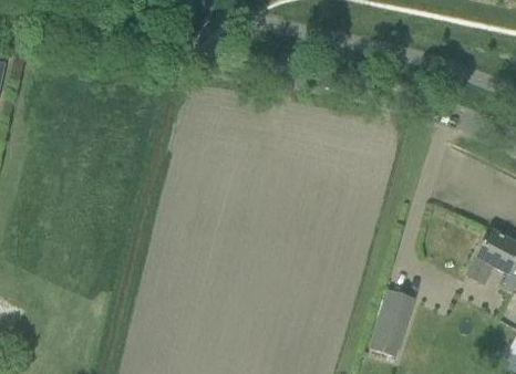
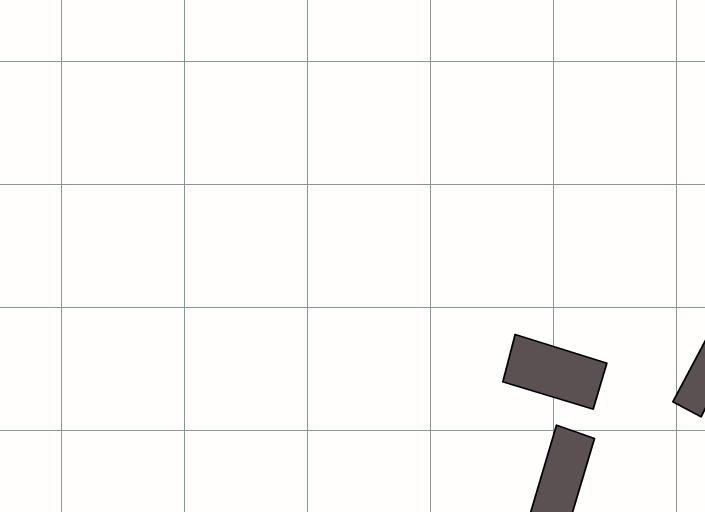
building: none -> [503,335,607,409]

